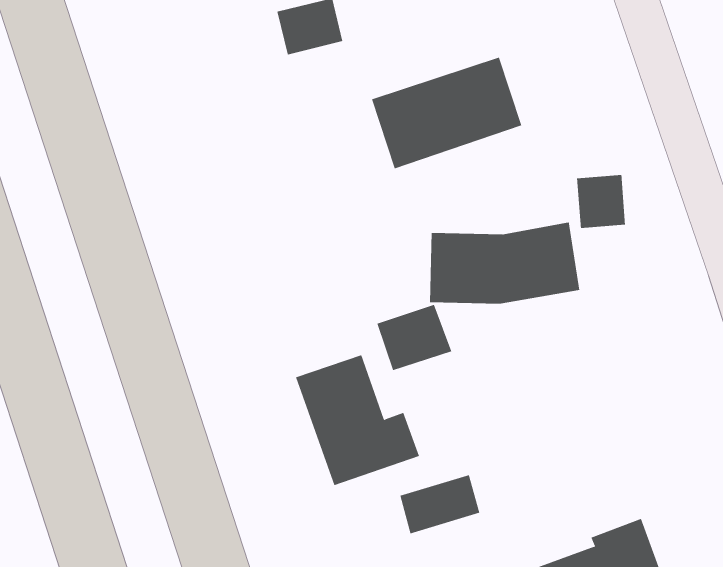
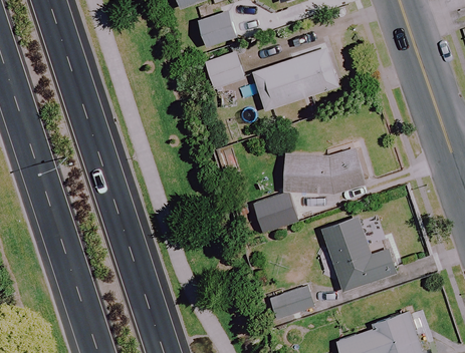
building: none -> [204,52,244,89]
building: [577,174,626,229] -> none
building: [295,354,420,486] -> [320,217,392,292]

